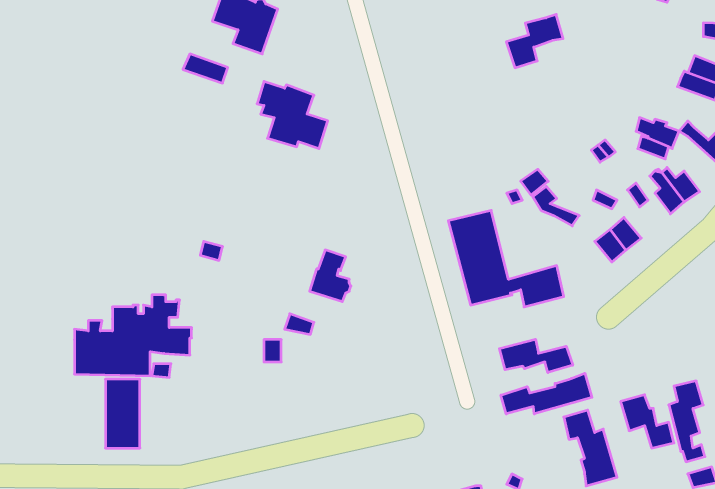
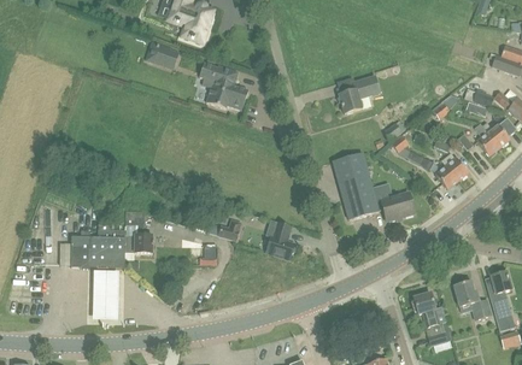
building: [506,14,563,68] -> [340,75,380,112]
building: [310,250,351,302] -> [266,222,295,258]
building: [499,339,573,373] -> none
building: [501,373,592,414] -> none

